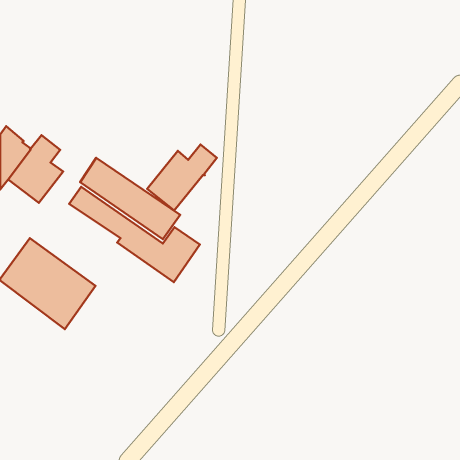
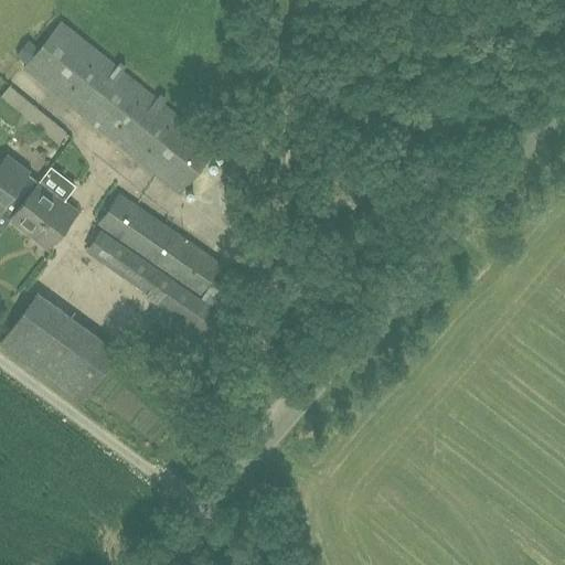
building: none -> [24,23,216,194]
building: [147,144,217,211] -> none

